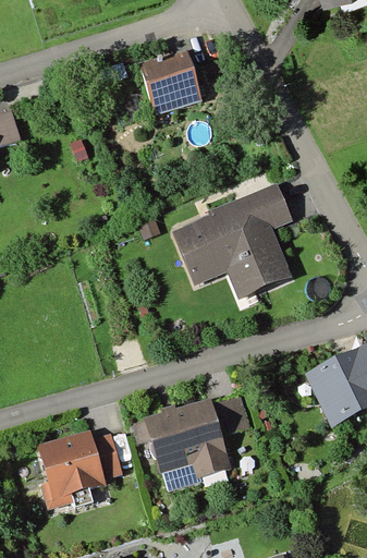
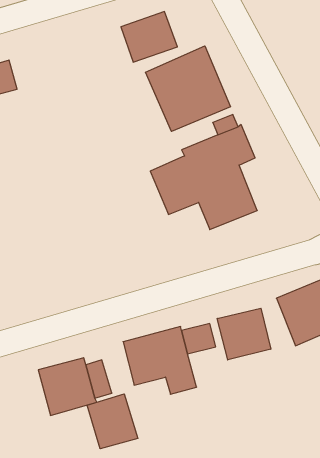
building: none -> [146,46,230,131]
building: none -> [217,308,271,360]
building: none -> [87,394,138,449]

